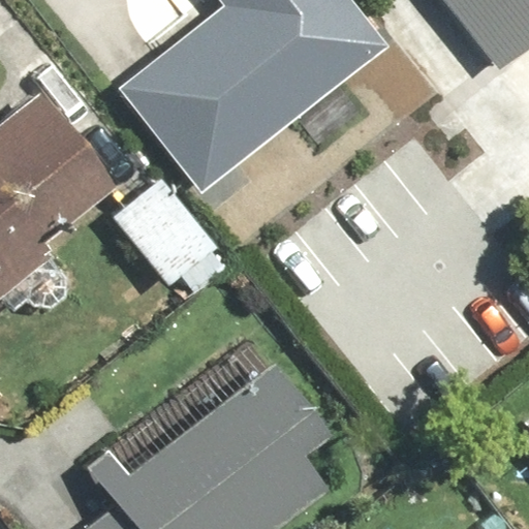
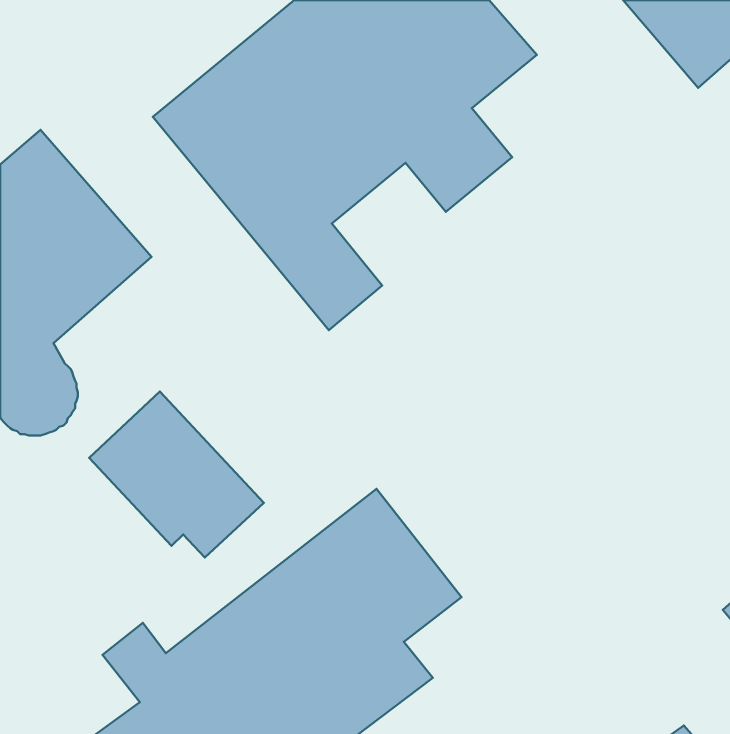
building: [110,175,235,293] -> [89,392,264,557]

